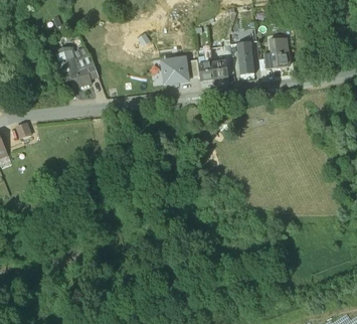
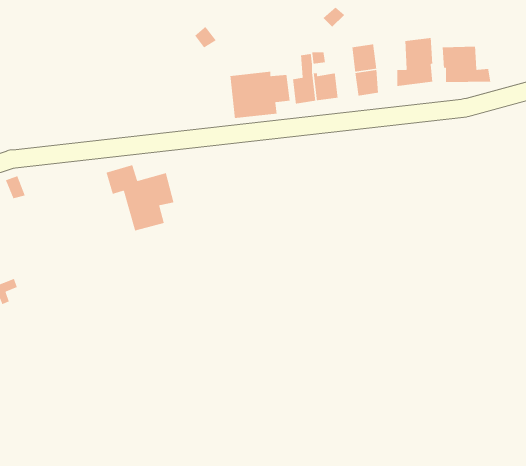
building: none -> [442,46,491,83]
building: [57,46,101,89] -> [106,164,175,232]

